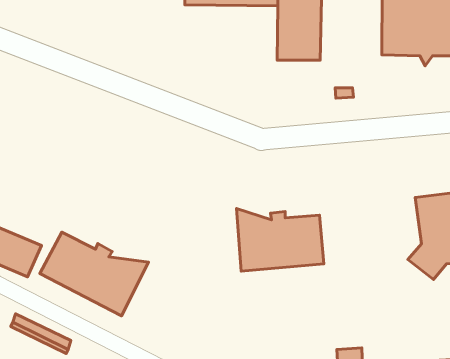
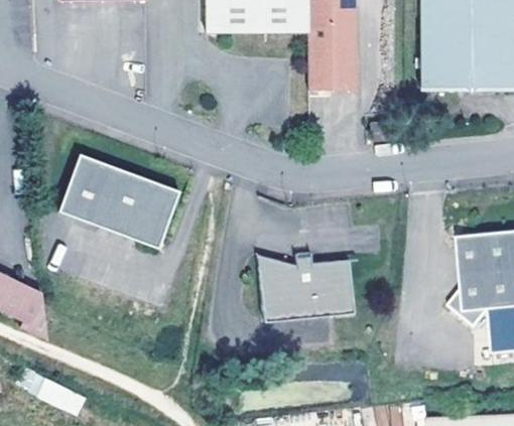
building: none -> [56,152,178,246]
building: [40,232,148,316] -> none

